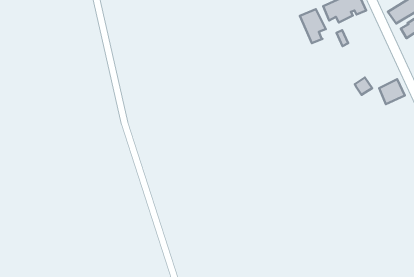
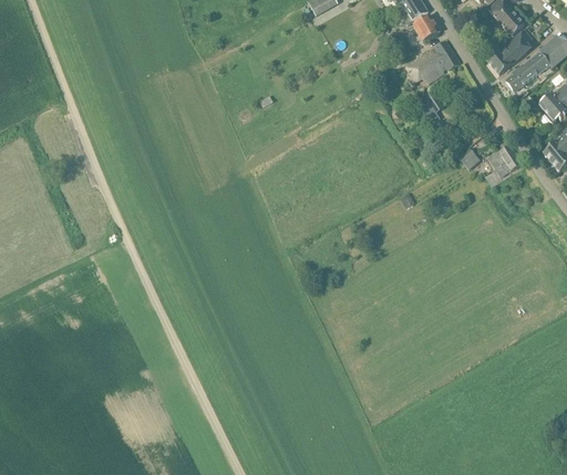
building: [300,9,326,43] -> none

